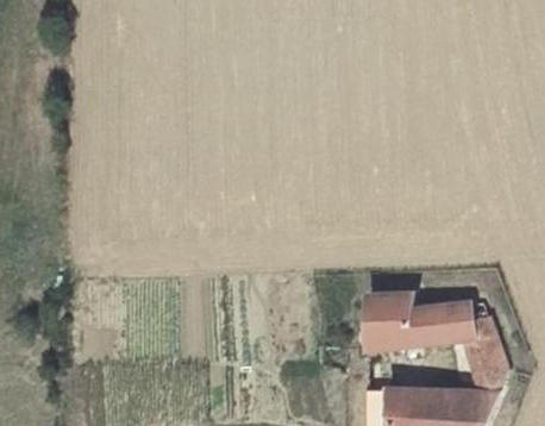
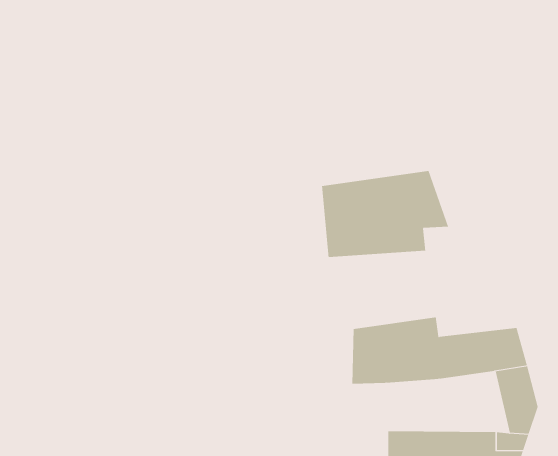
building: none -> [321,170,449,258]

